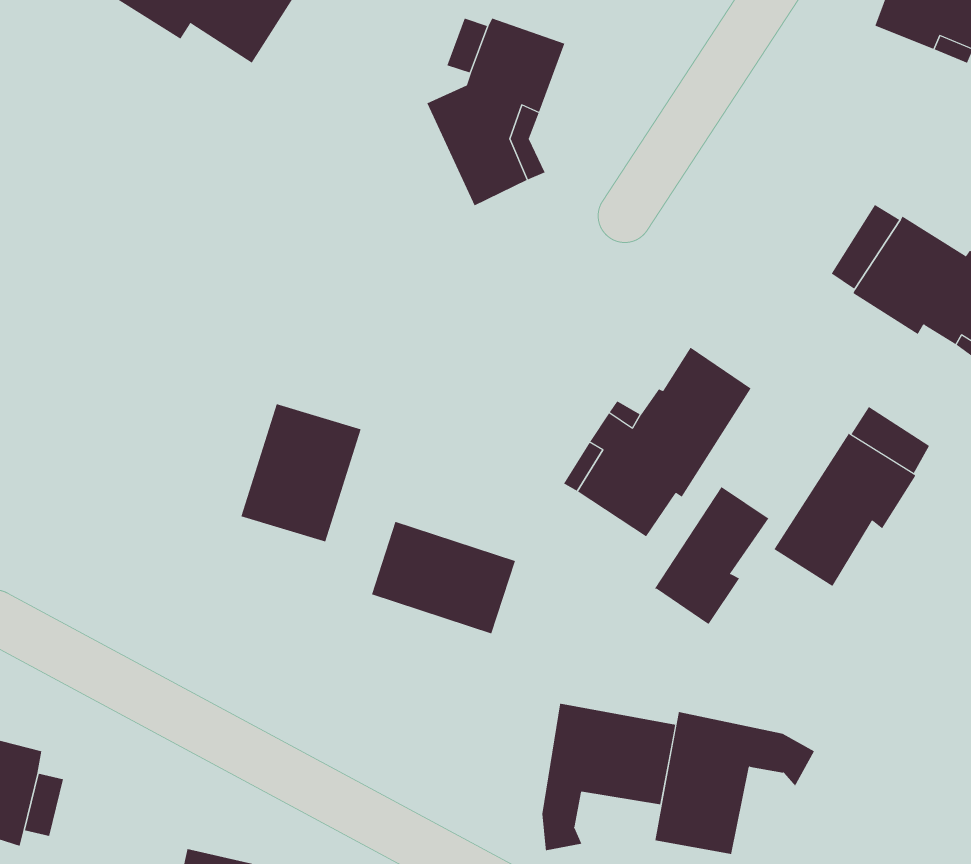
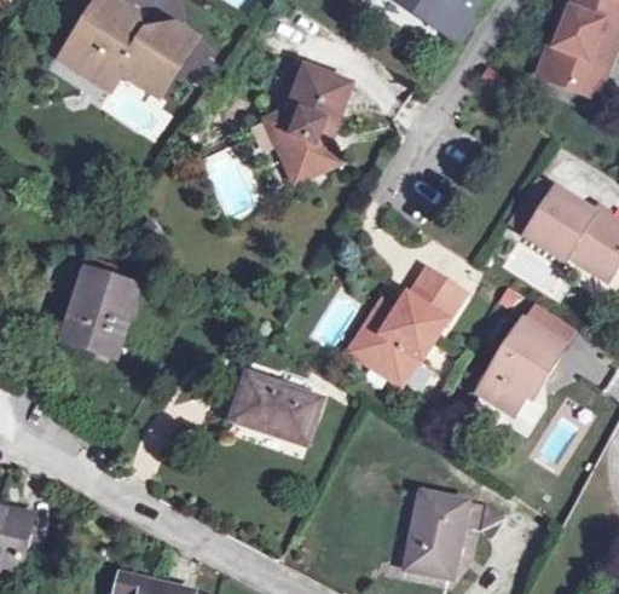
building: [241,403,362,542] -> [63,271,137,356]
building: [654,486,769,625] -> none
building: [542,703,676,851] -> none

